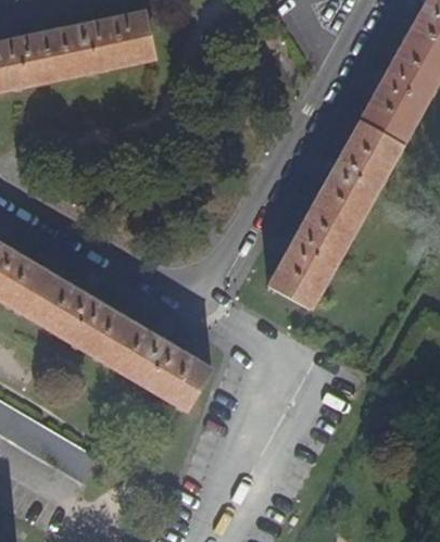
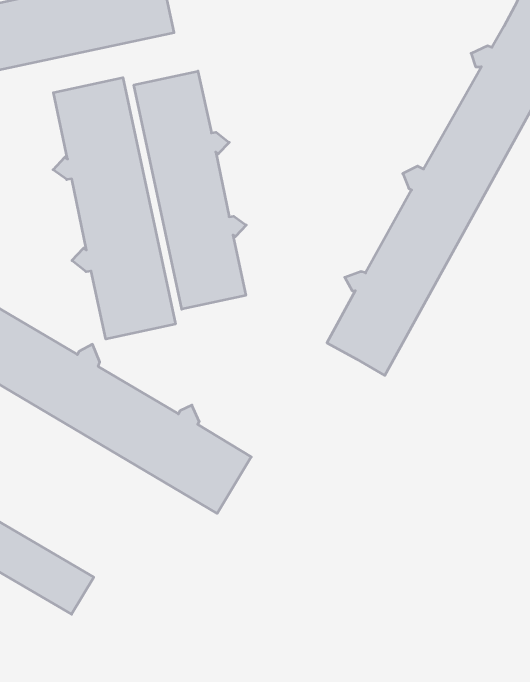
building: none -> [134,71,246,309]
building: none -> [53,78,175,339]

